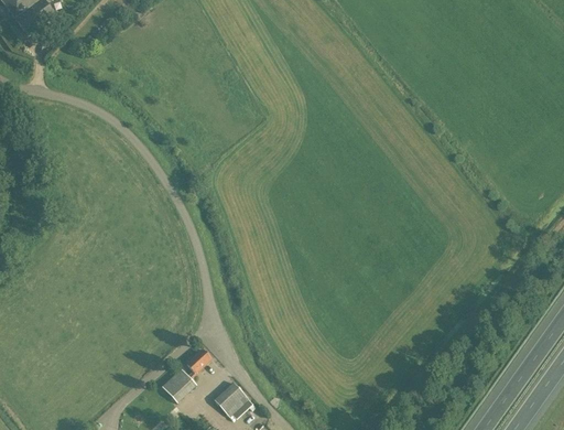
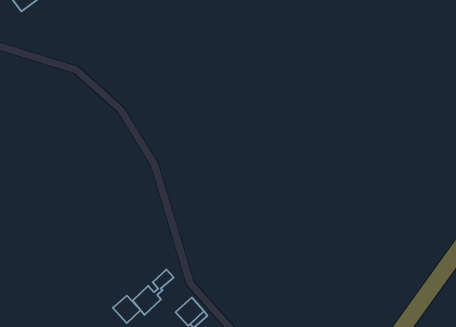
building: none -> [113,296,141,323]

